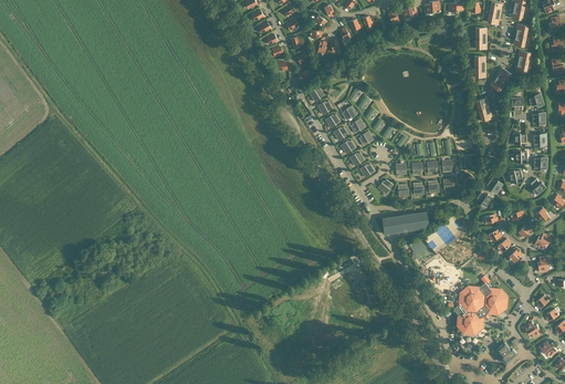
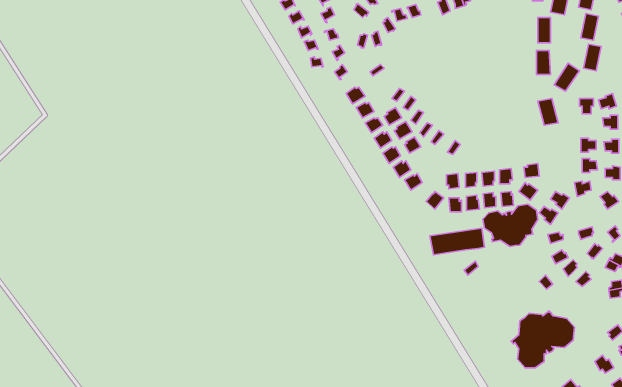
building: none -> [483,204,538,247]

